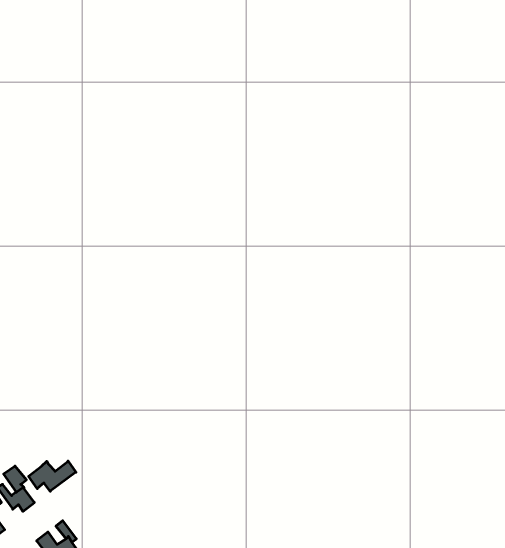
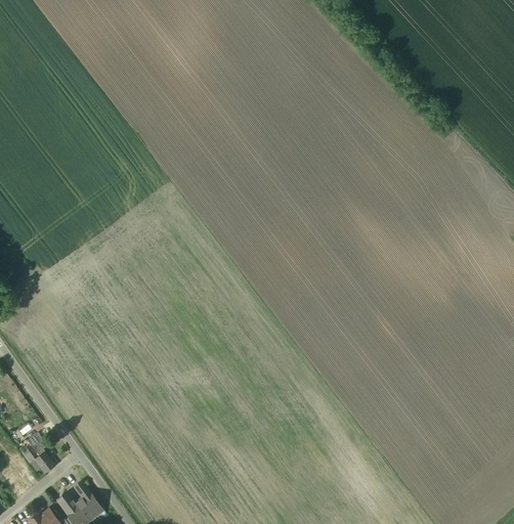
building: [29,461,76,491] -> none

